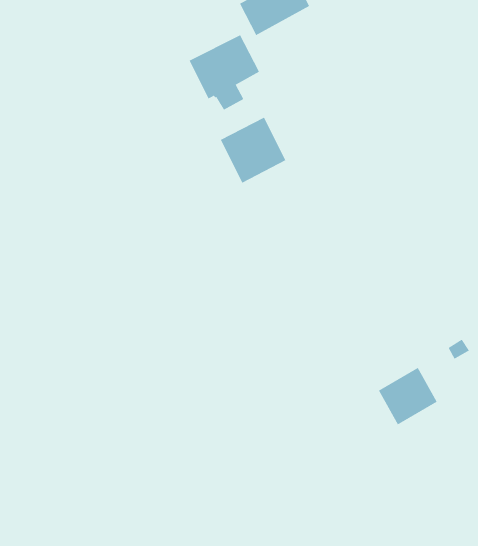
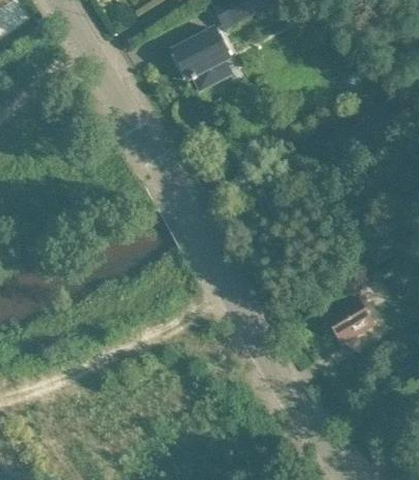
building: [220,117,286,183] -> none

